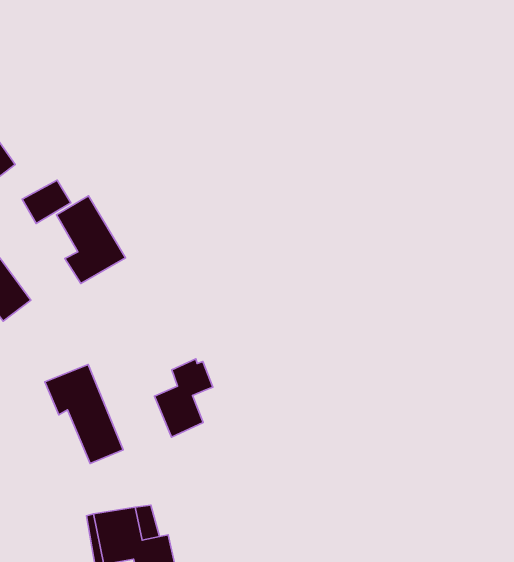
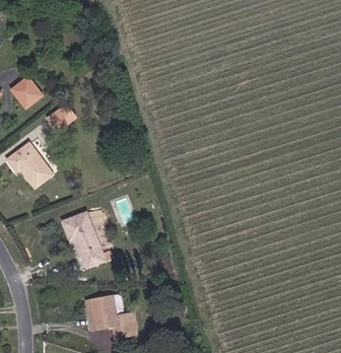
building: [57,196,126,283] -> none
building: [155,359,213,437] -> none

